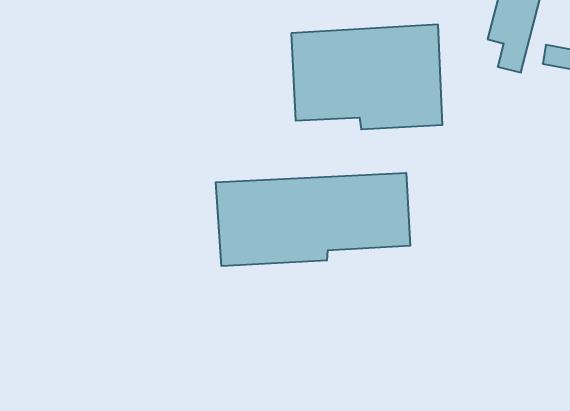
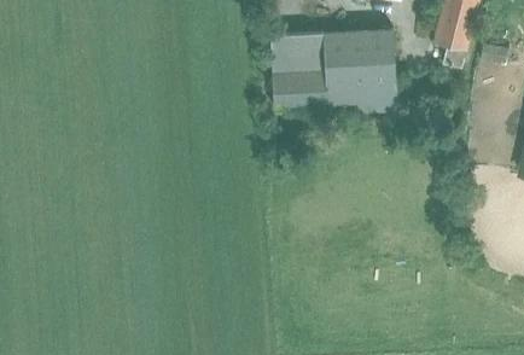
building: [216,173,410,266] -> none

